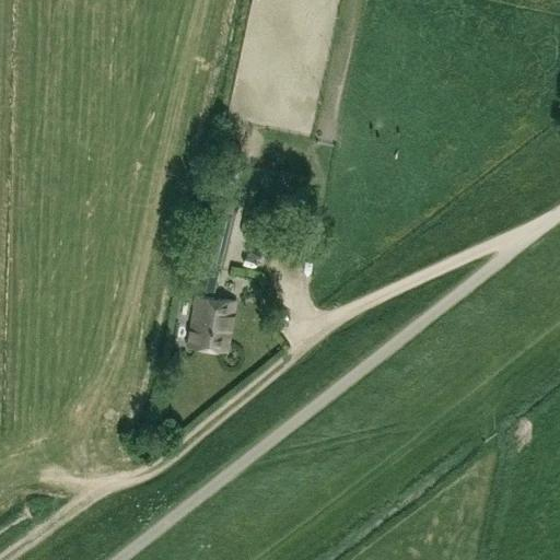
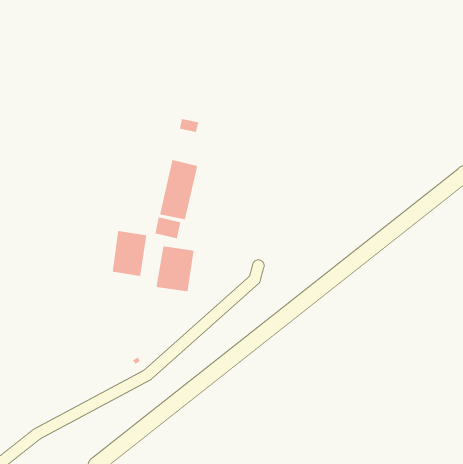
building: none -> [112,230,147,277]

